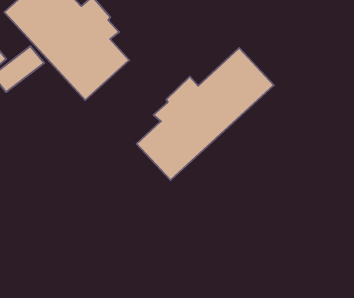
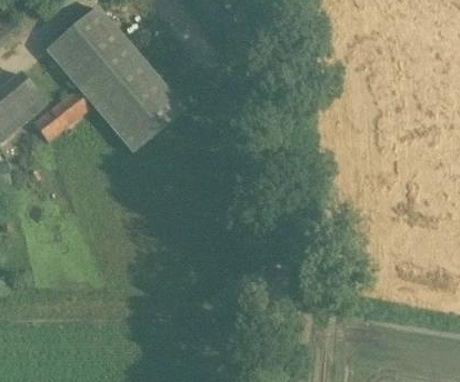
building: [137,48,274,180] -> none

